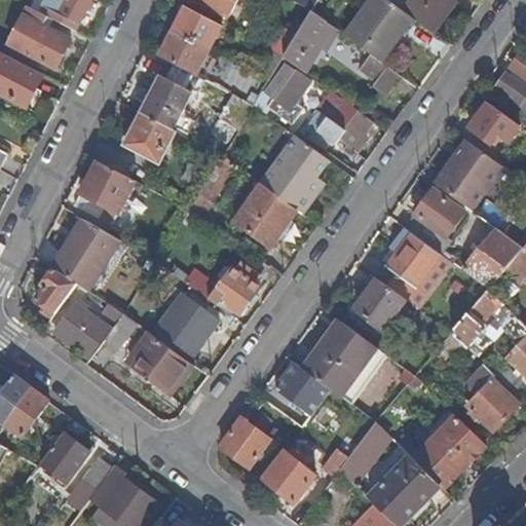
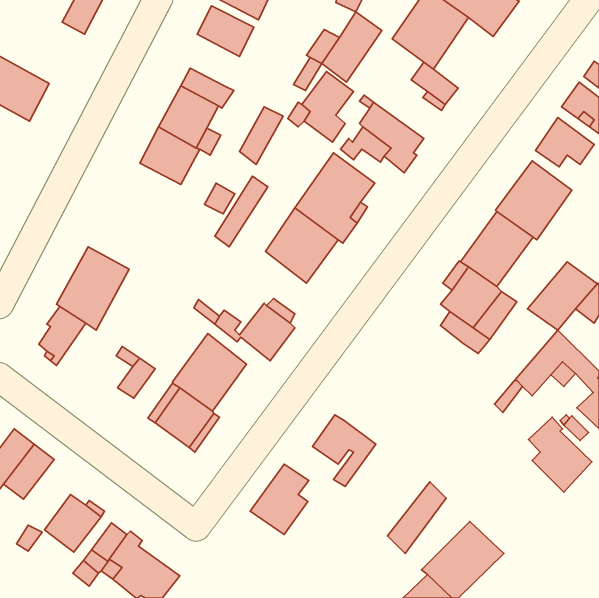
building: [5,5,69,67] -> none
building: [159,30,210,75] -> none
building: [72,158,136,224] -> none
building: [355,279,405,330] -> none
building: [53,303,109,356] -> none
building: [301,320,376,397] -> none
building: [398,414,486,489] -> none
building: [262,451,313,501] -> none

